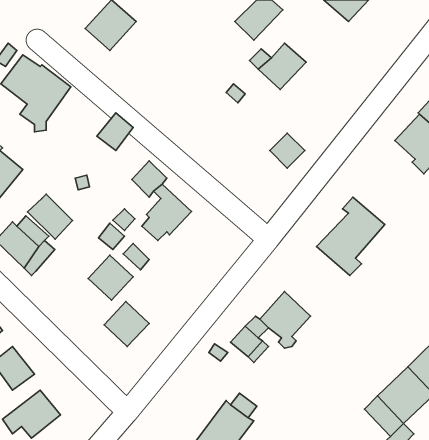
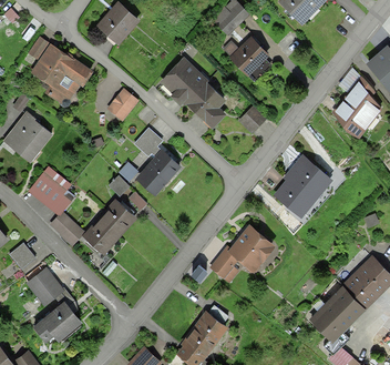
building: none -> [165,60,223,125]
building: [27,194,72,239] -> [45,211,80,245]
building: [104,302,149,347] -> [83,216,117,251]

